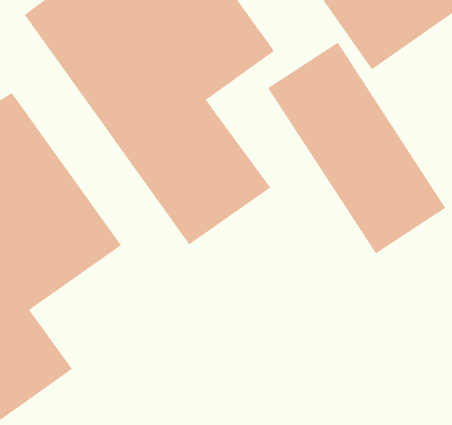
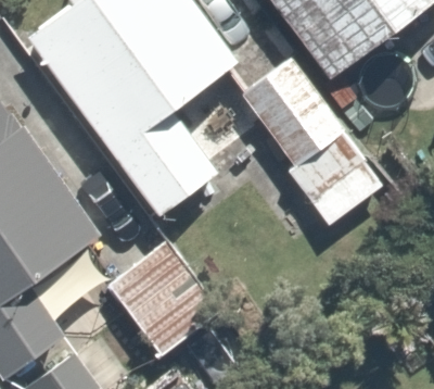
building: none -> [103,241,218,360]

